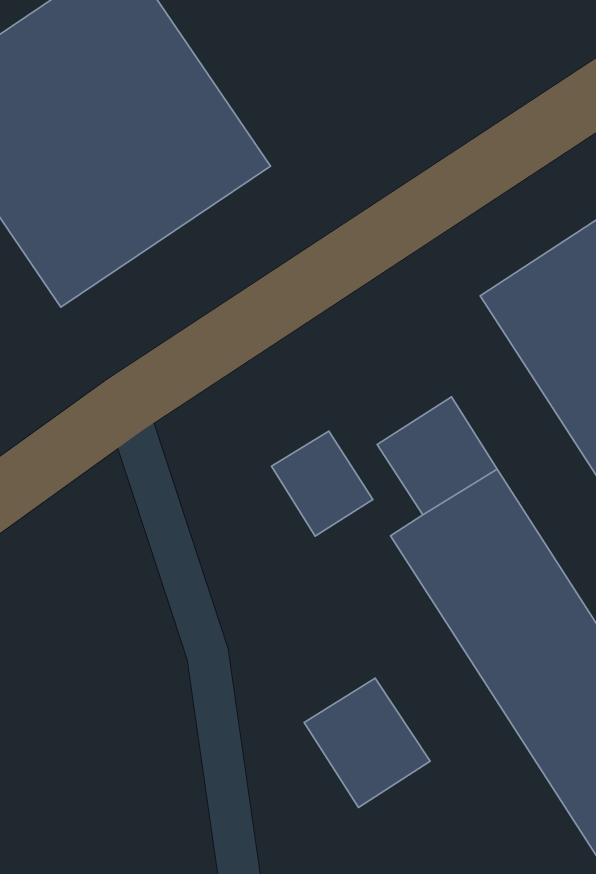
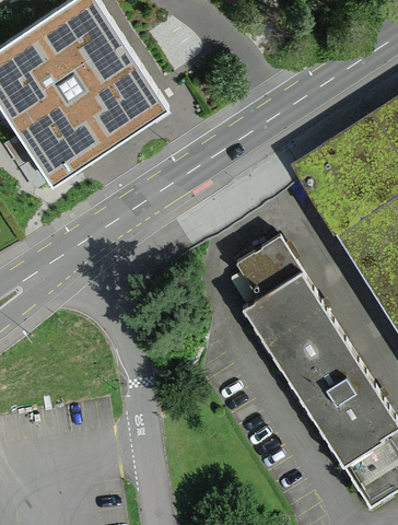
building: [271,431,373,536] -> none
building: [304,678,430,807] -> none

